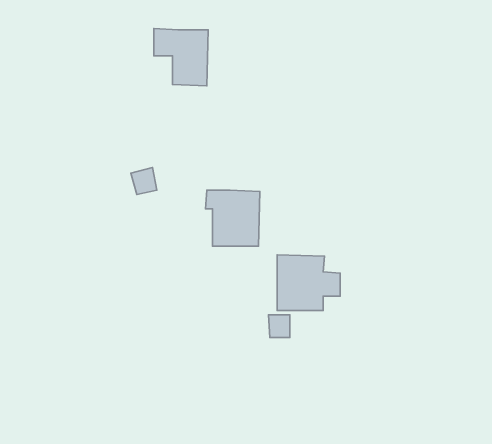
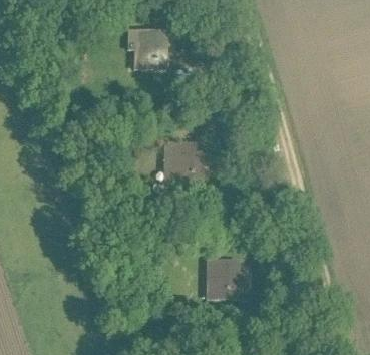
building: [277,255,340,310] -> [208,259,252,298]

